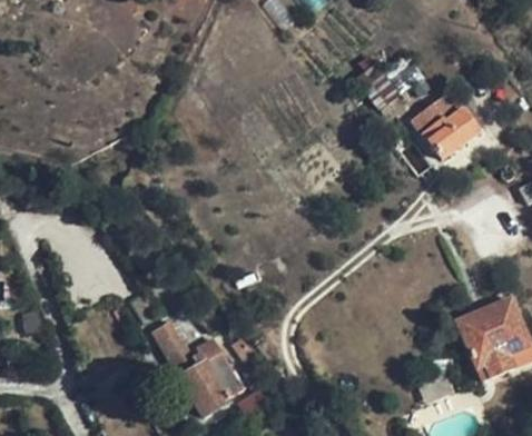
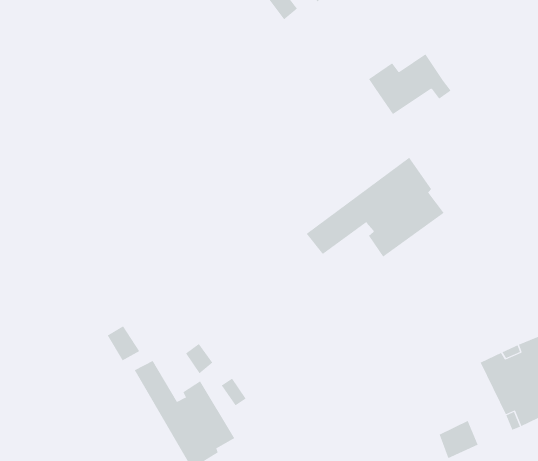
building: [413,93,479,159] -> none
building: none -> [306,157,445,258]

